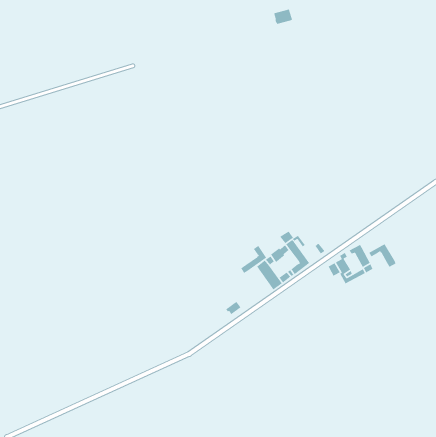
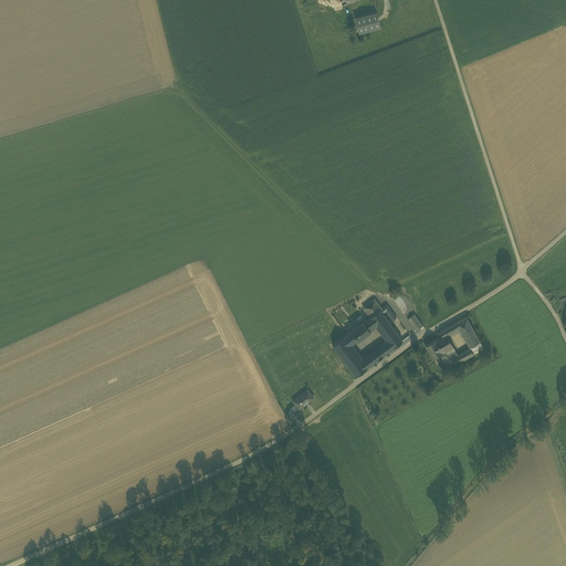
building: [368,243,397,268] -> none
building: [240,245,267,274] -> none

